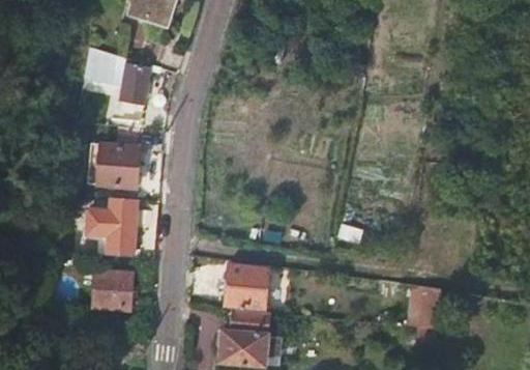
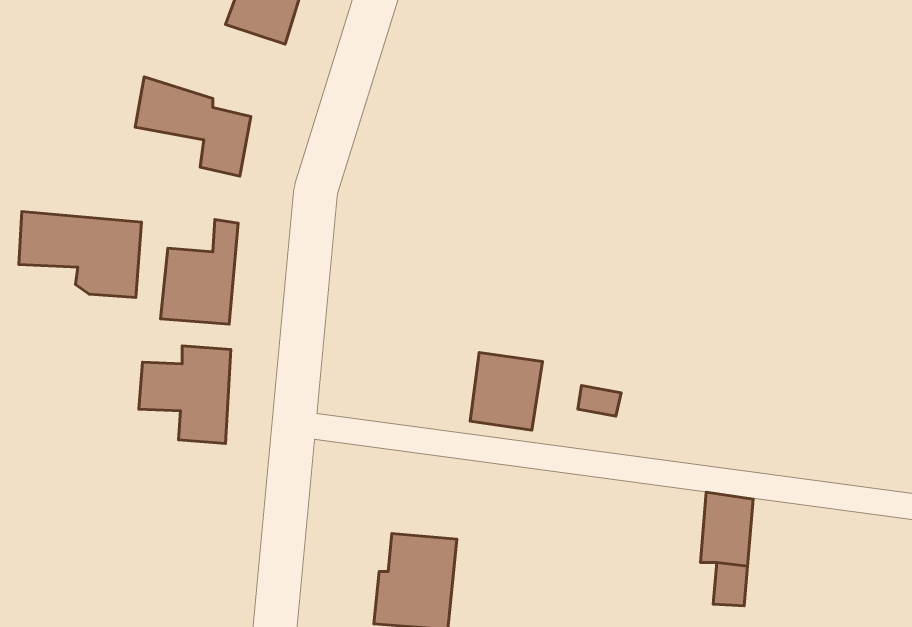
building: none -> [19,212,141,297]
building: [224,263,265,308] -> [470,352,543,430]
building: [95,271,136,311] -> none

